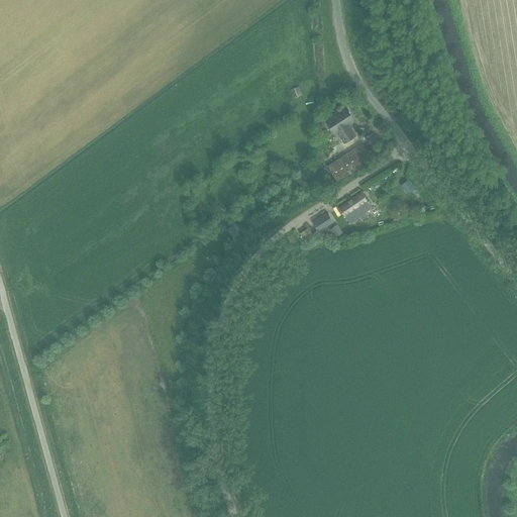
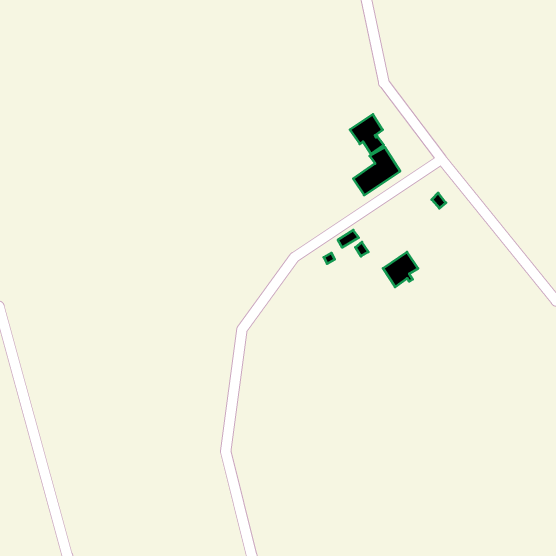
building: [338,191,371,223] -> [383,252,418,287]

